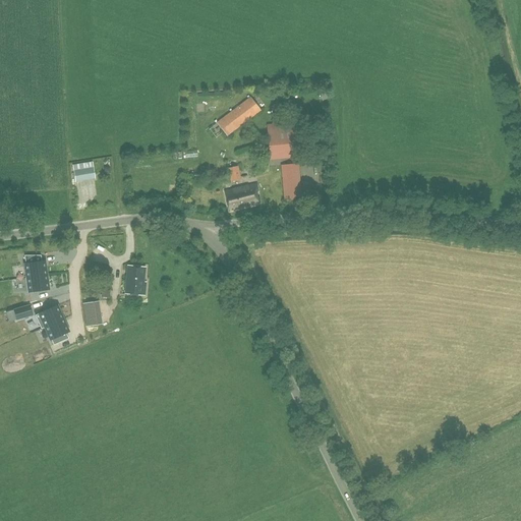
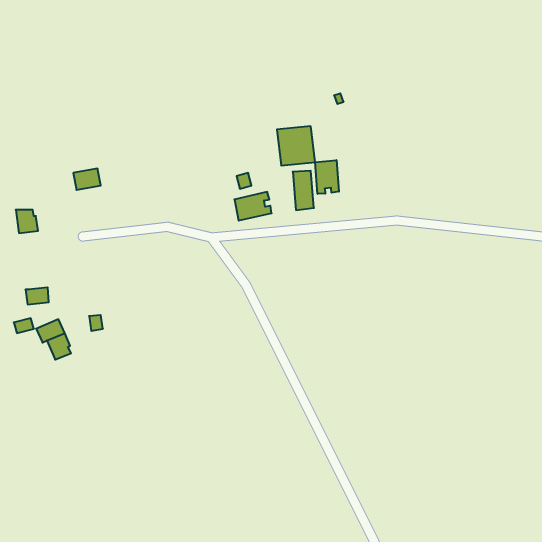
building: [217,98,260,135] -> none
building: none -> [315,160,339,194]
building: [24,255,46,278] -> [16,210,38,233]
building: [125,267,144,295] -> none

